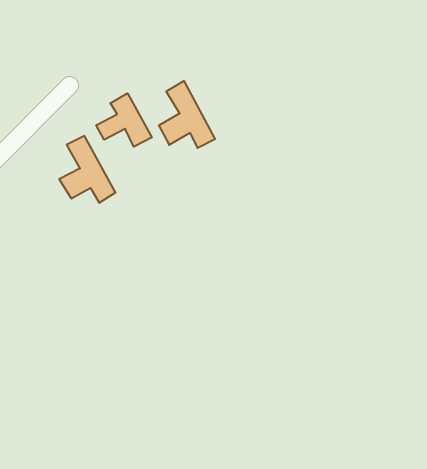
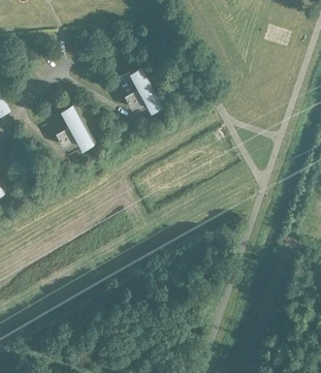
building: [96,93,152,147] -> none

